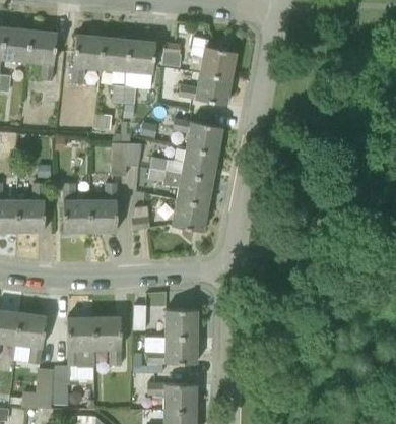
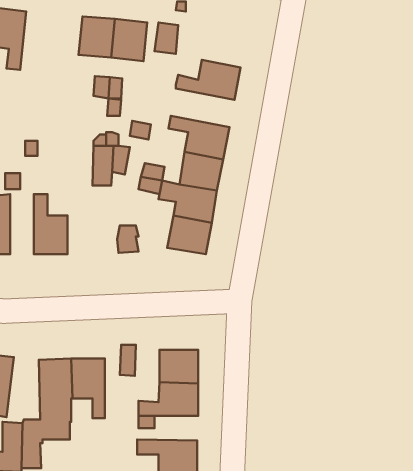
building: [72,34,103,83] -> none
building: [188,47,236,78] -> none
building: [90,182,117,232] -> none

